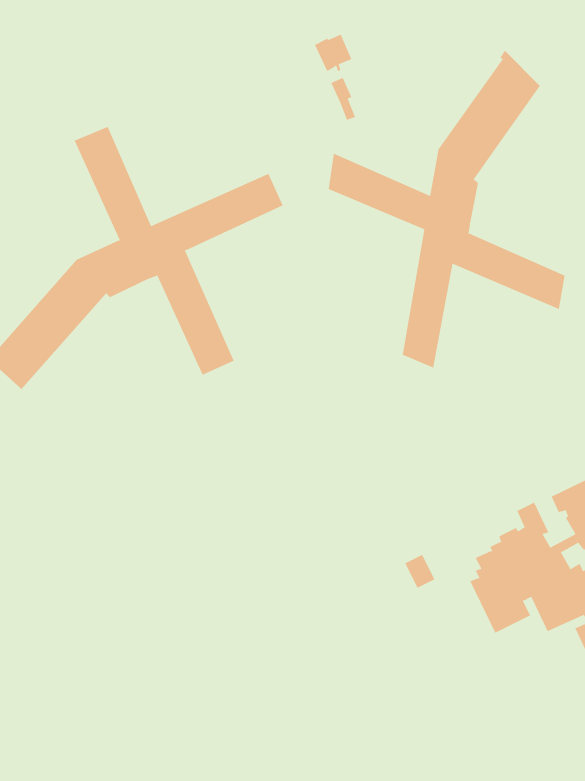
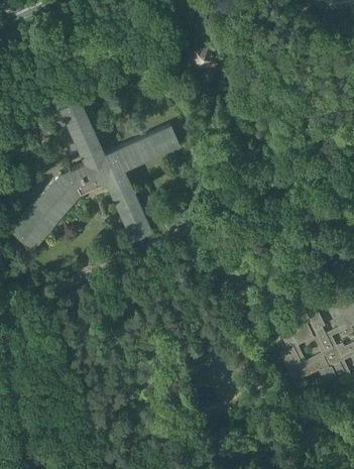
building: [328,50,565,368] -> none

